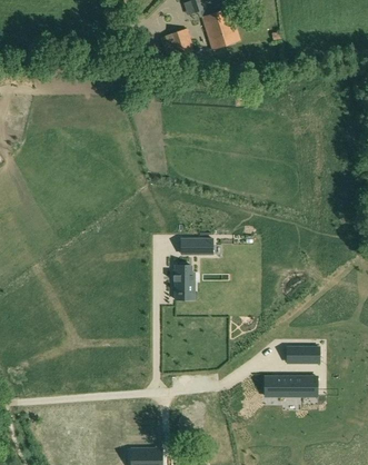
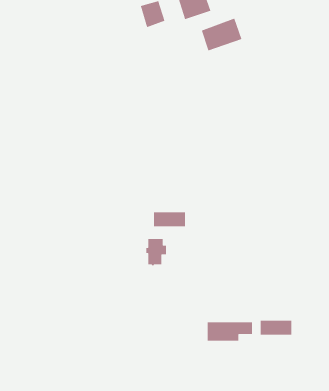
building: none -> [201,18,243,51]
building: [270,377,316,397] -> [207,321,253,342]

